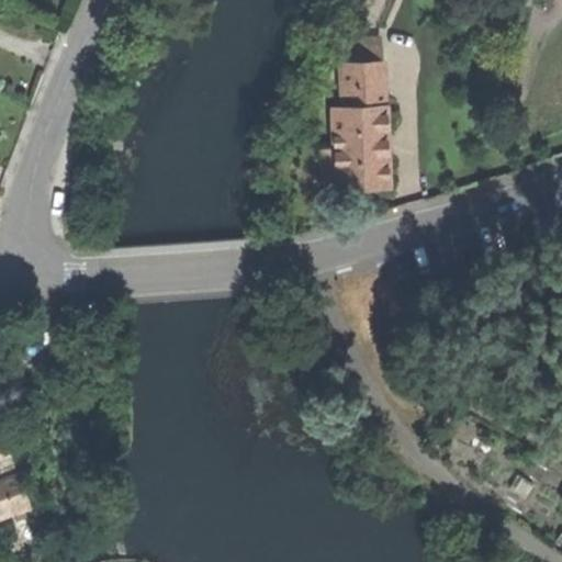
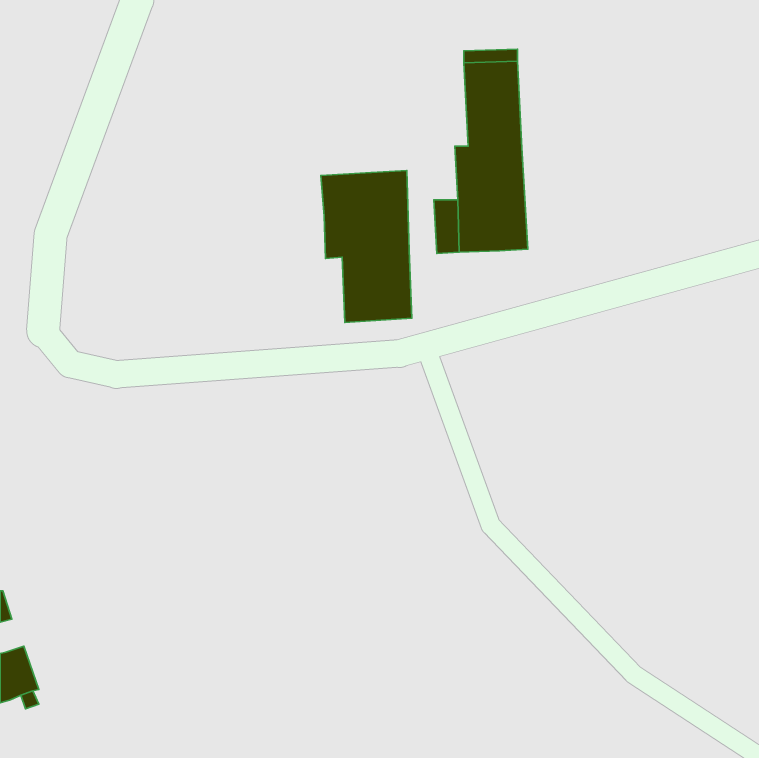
building: none -> [321,171,412,323]

